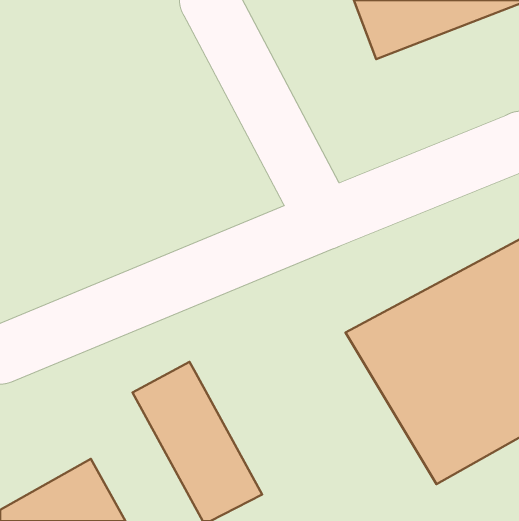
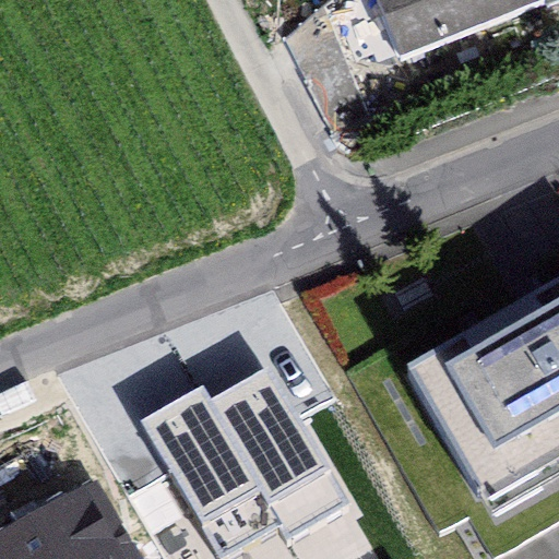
building: none -> [212,366,349,540]

